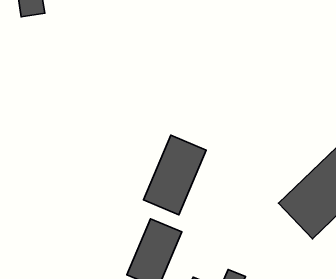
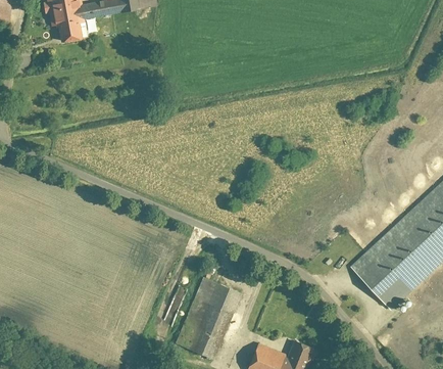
building: [144,135,206,215] -> none

